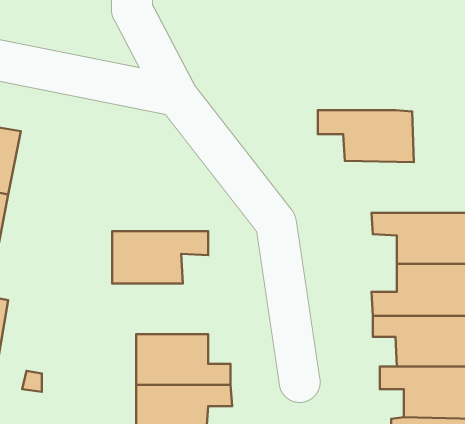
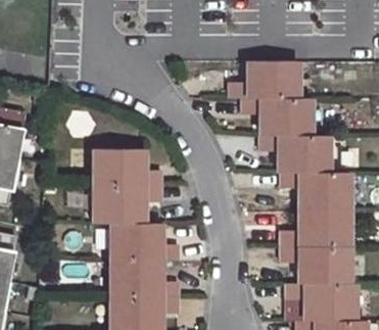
building: none -> [230,60,298,97]
building: none -> [262,134,329,172]
building: none -> [93,148,162,185]
building: none -> [110,223,180,260]

